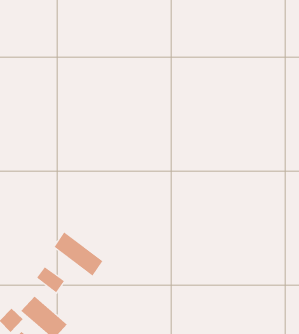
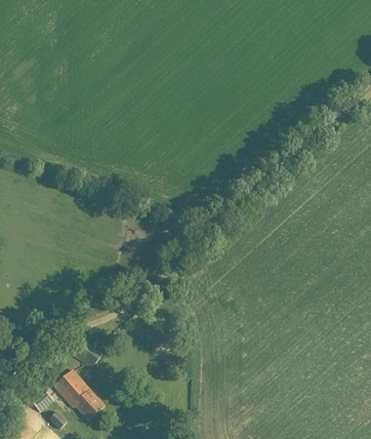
building: [54,232,103,276] -> none

